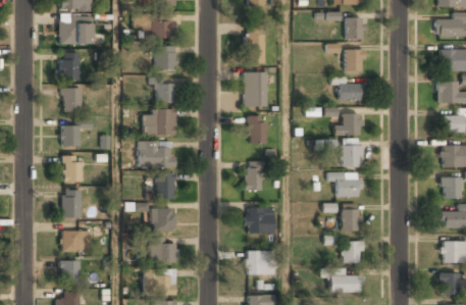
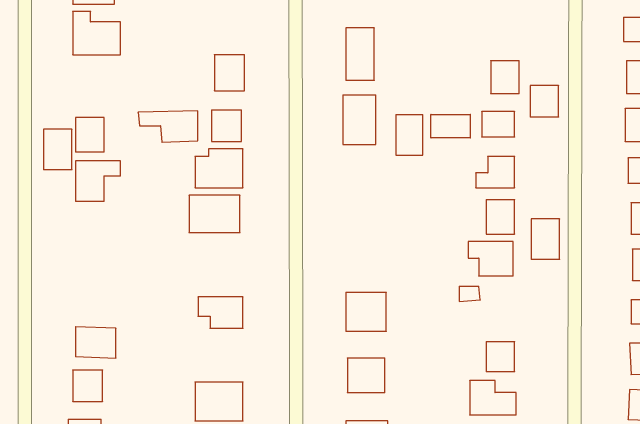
building: [136,16,176,38] -> [138,111,198,142]
building: [346,18,365,40] -> [530,86,559,117]
building: [60,52,80,80] -> [44,129,72,170]
building: none -> [431,114,470,138]
building: [249,116,267,144] -> [396,115,423,155]
building: [63,154,83,181] -> none
building: [247,165,266,191] -> none
building: [158,172,174,199] -> none
building: [62,189,81,217] -> none
building: [343,203,362,231] -> [531,219,560,259]
building: [150,237,177,263] -> none

